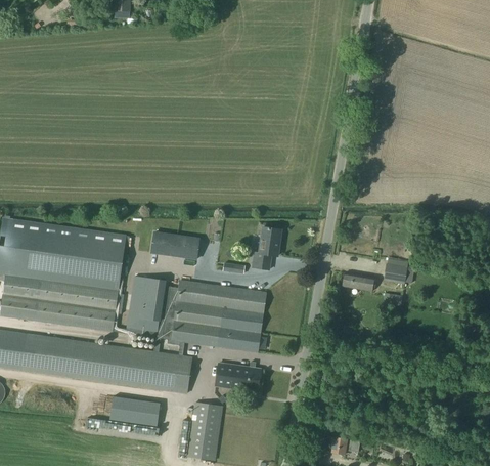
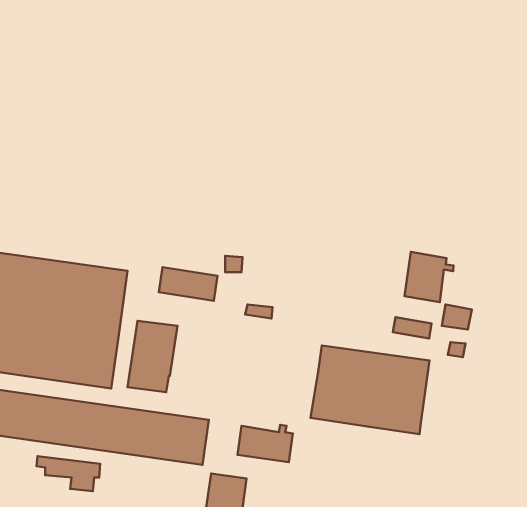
building: none -> [404,252,454,302]
building: [251,226,280,268] -> none
building: [169,280,266,352] -> [311,345,430,434]
building: [109,393,162,422] -> [36,456,100,491]

